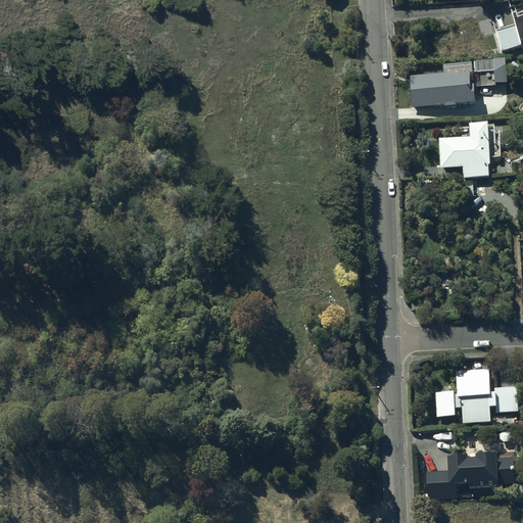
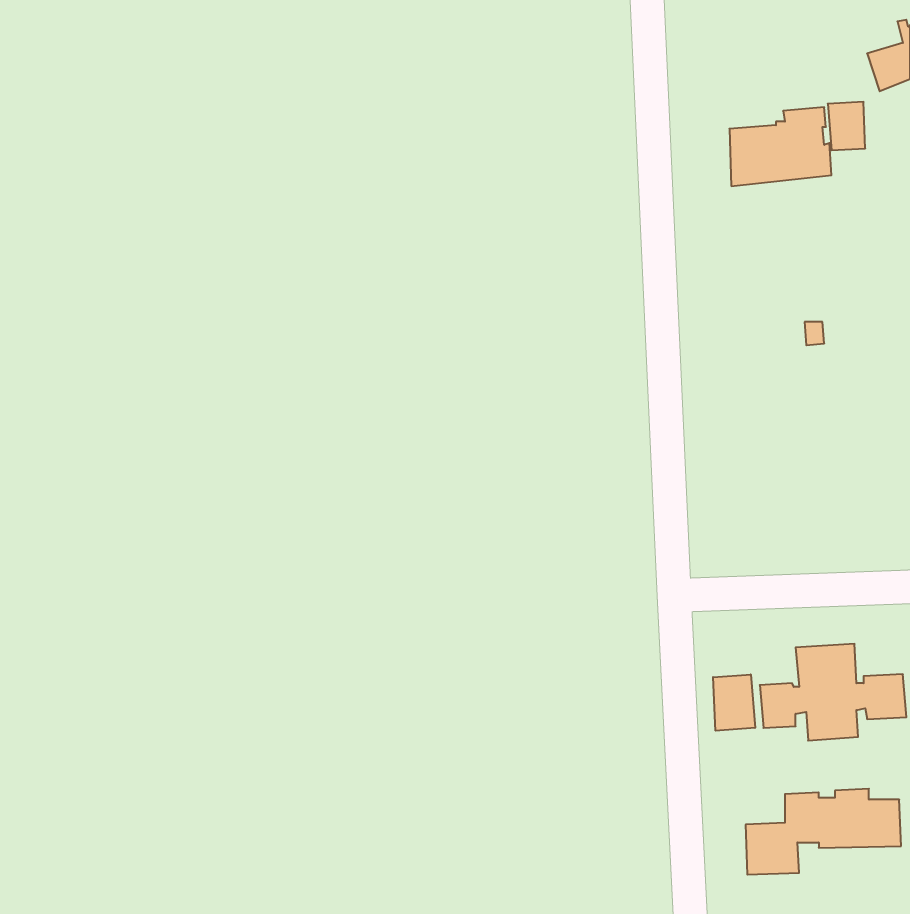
building: [438,121,500,176] -> none
building: none -> [713,674,755,731]

